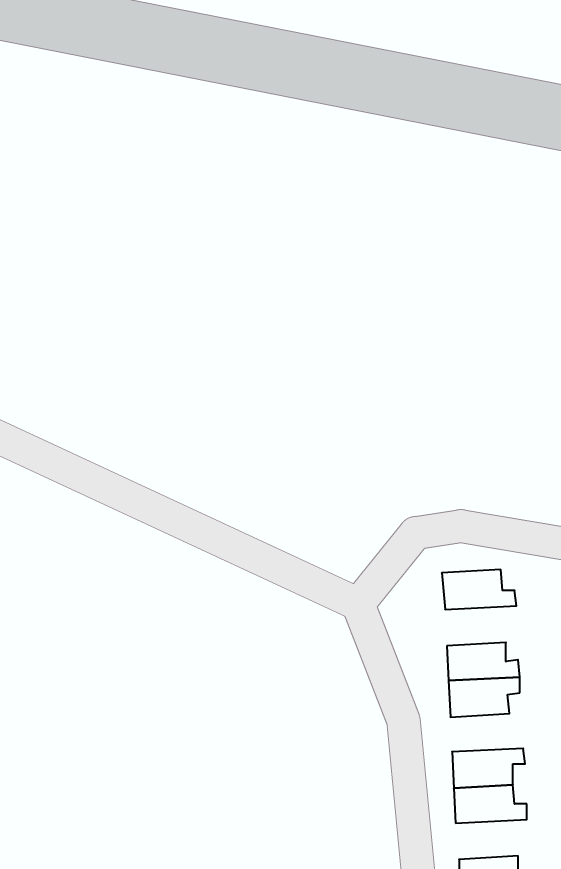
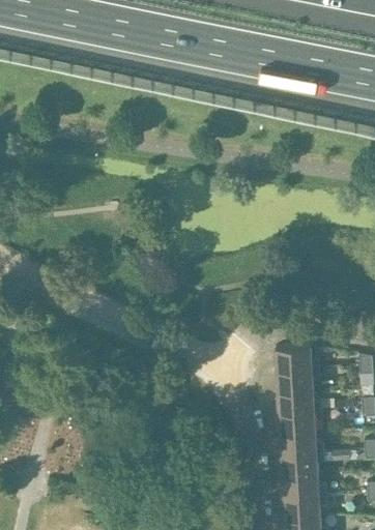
building: none -> [278,367,320,391]
building: none -> [281,432,324,454]
building: none -> [284,495,327,519]

